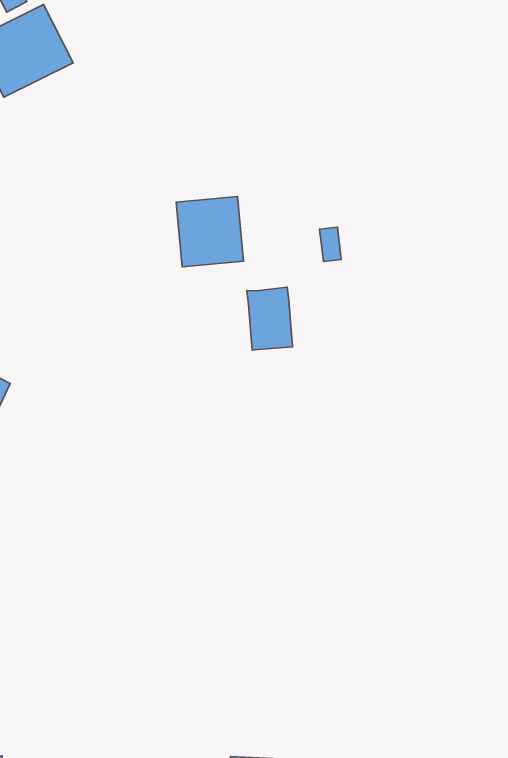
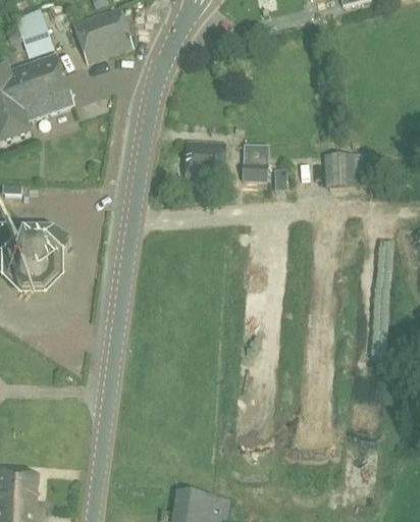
building: none -> [326,154,361,188]
building: [247,287,293,350] -> [242,144,268,182]

